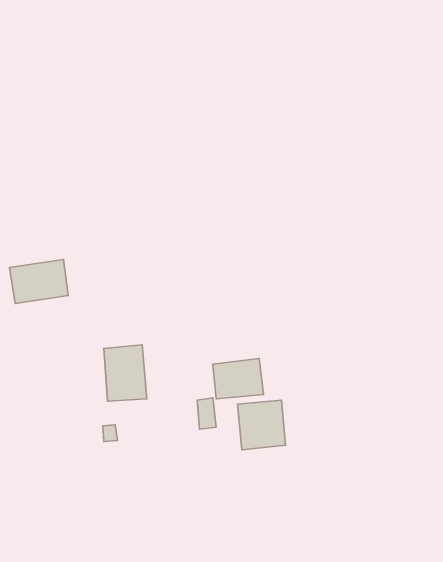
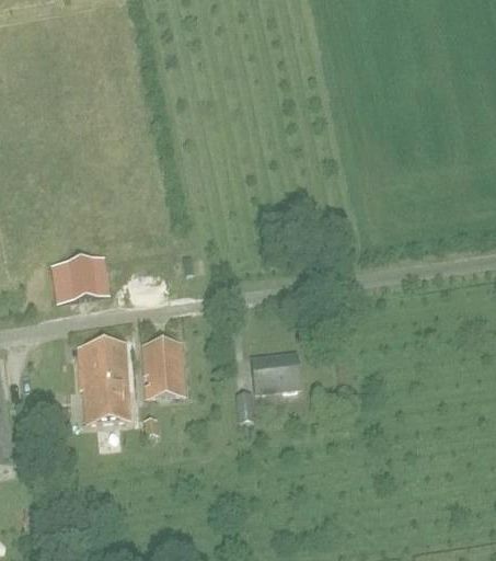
building: none -> [78,341,130,419]
building: [237,400,286,450] -> none

